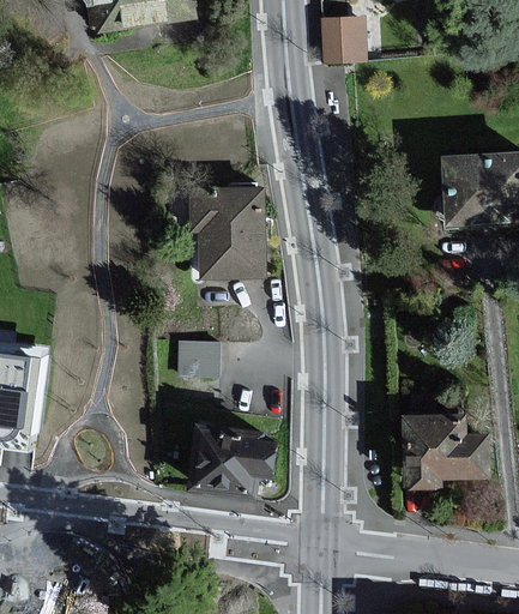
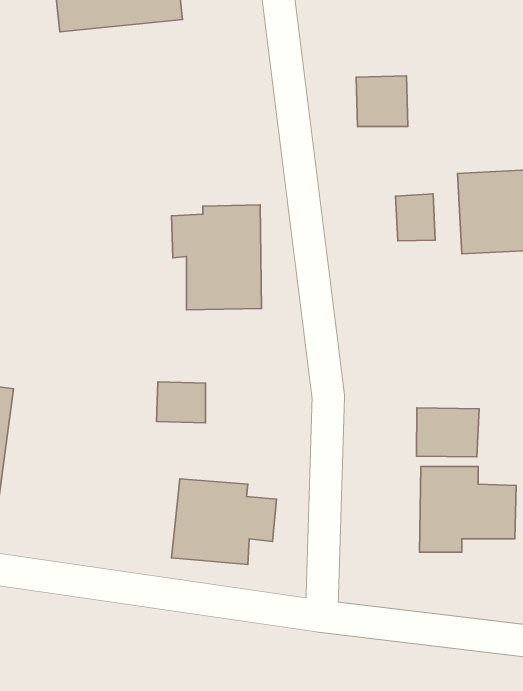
building: [321,17,367,61] -> [356,76,408,126]
building: none -> [395,194,435,241]
building: none -> [416,408,479,457]

